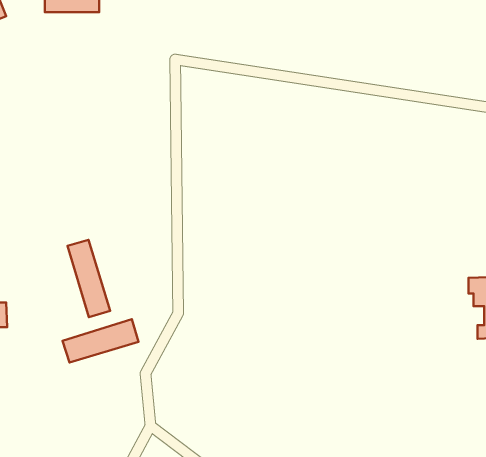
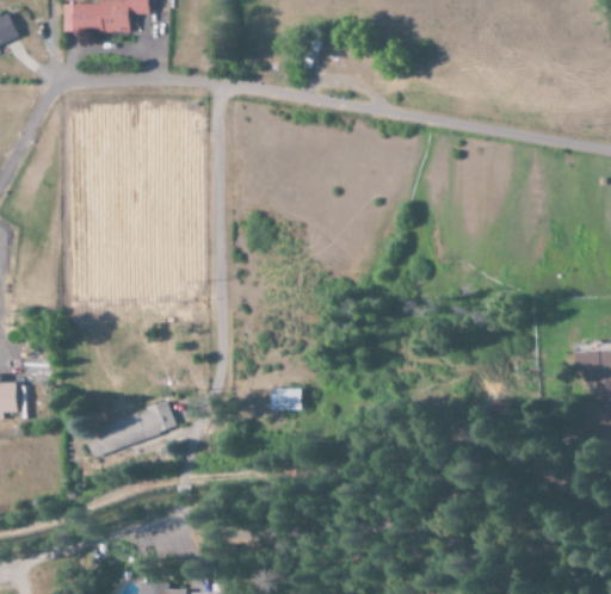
building: [68,240,110,317] -> none
building: none -> [271,388,302,409]

